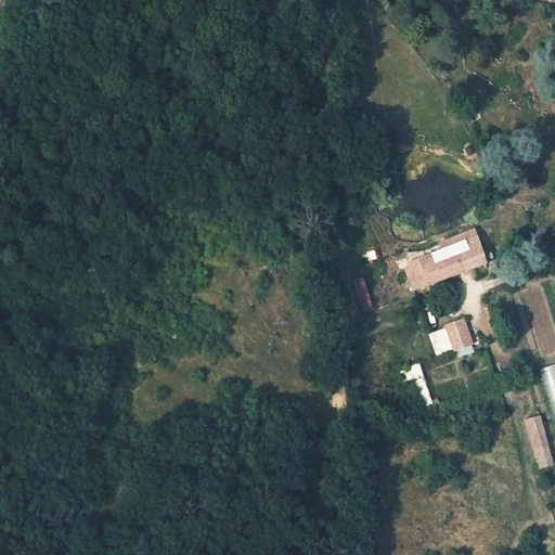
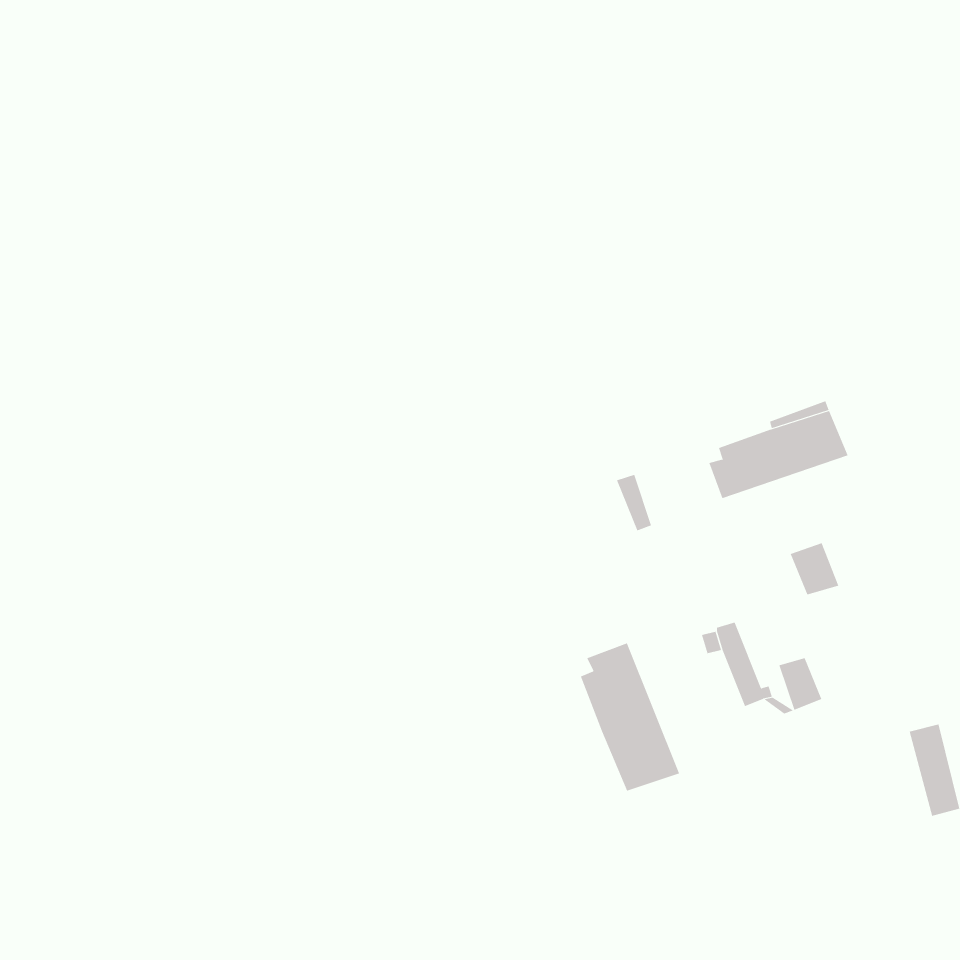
building: [438,321,463,351] -> [779,658,822,711]
building: none -> [580,642,680,791]

